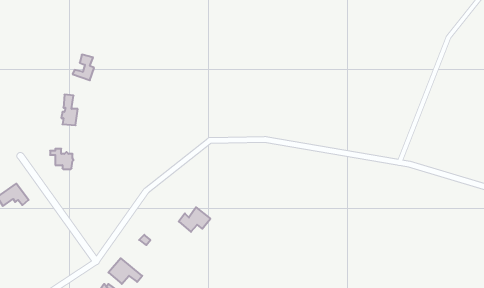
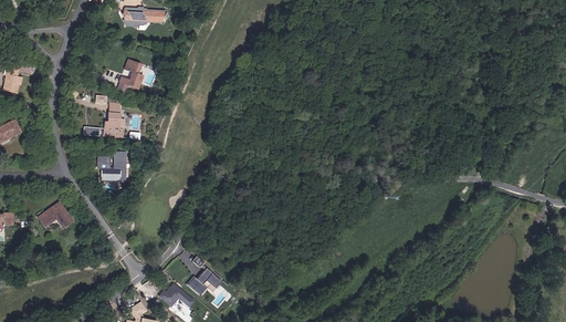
building: none -> [122,8,167,30]
building: [179,207,210,232] -> [187,269,221,295]

